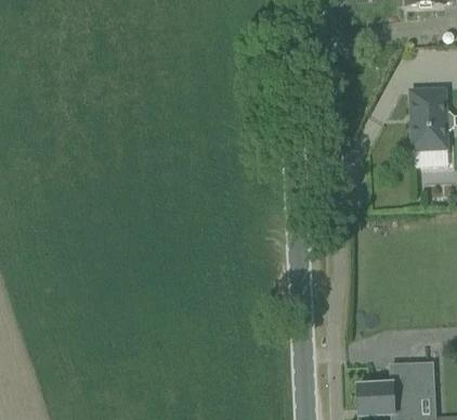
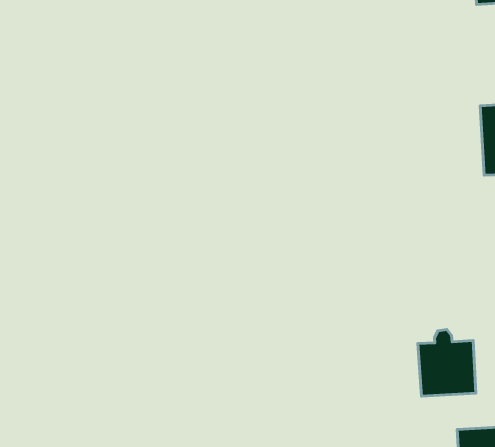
building: none -> [418,329,476,396]

